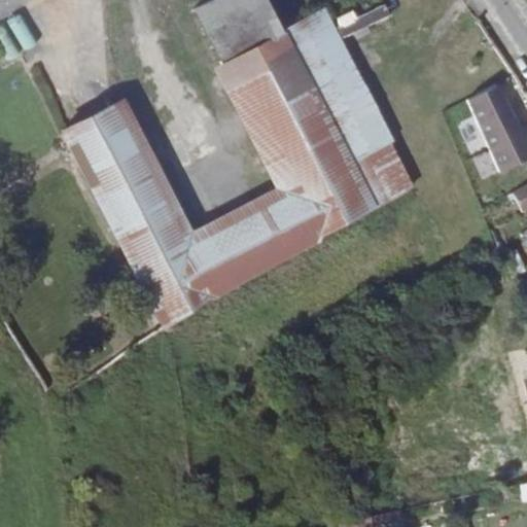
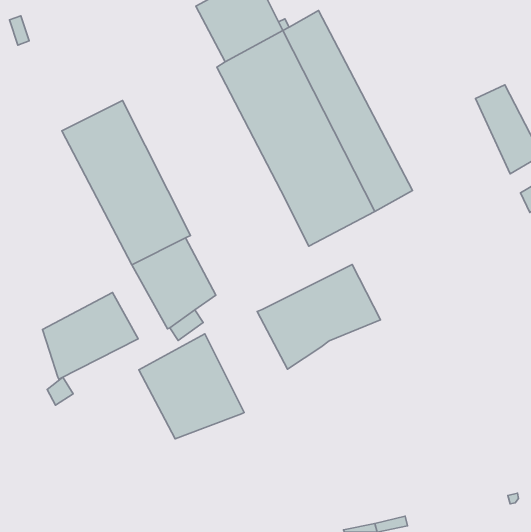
building: [186,187,308,290] -> [257,264,381,369]
building: none -> [43,293,138,379]
building: none -> [139,334,244,439]

